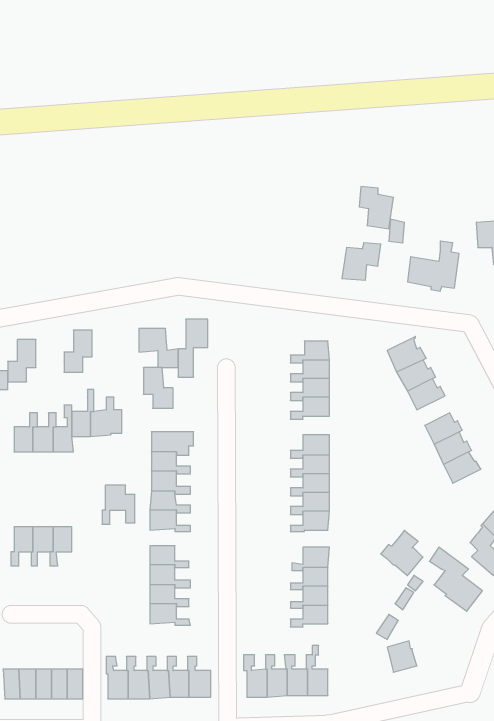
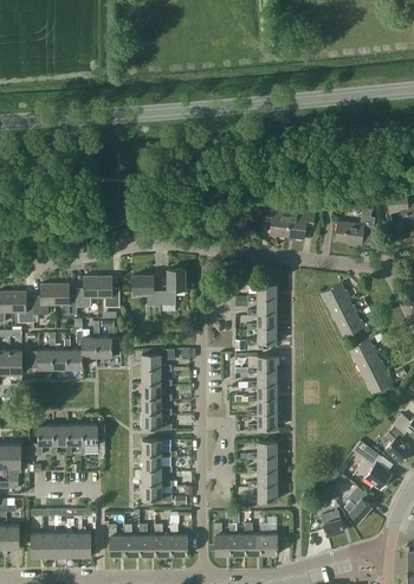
building: [359,187,394,229] -> [265,205,291,237]
building: none -> [56,283,77,314]
building: [143,368,173,408] -> [98,276,121,307]
building: [102,485,135,524] -> [80,425,105,455]
building: [381,530,423,576] -> [339,486,371,520]

